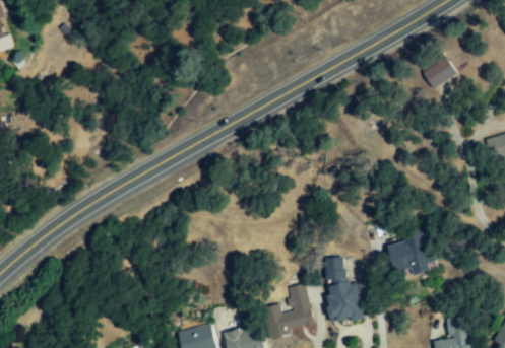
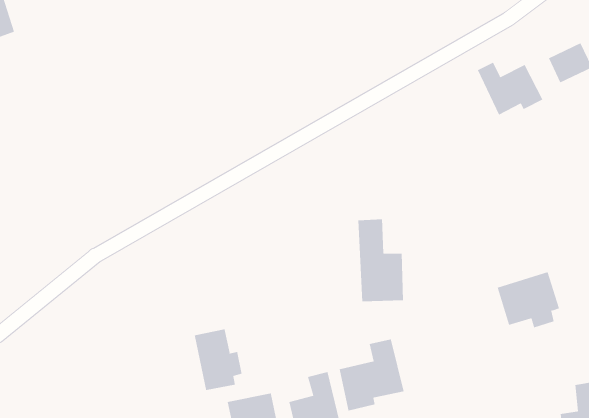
building: none -> [477,62,543,116]
building: [326,257,362,321] -> [358,219,404,302]
building: none -> [194,329,242,391]

